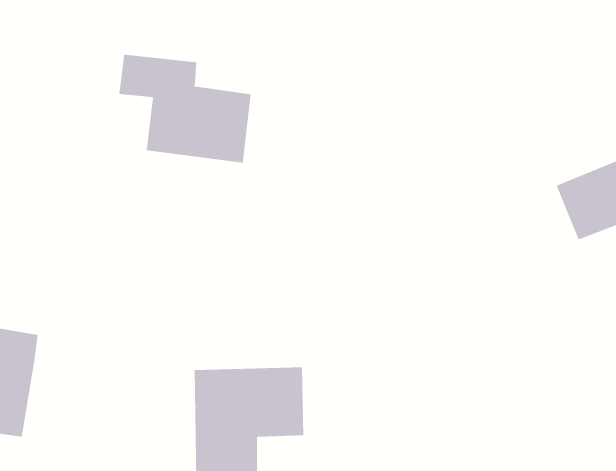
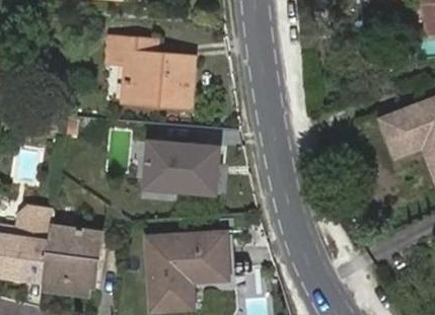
building: none -> [145,141,219,194]
building: none -> [42,229,101,293]

